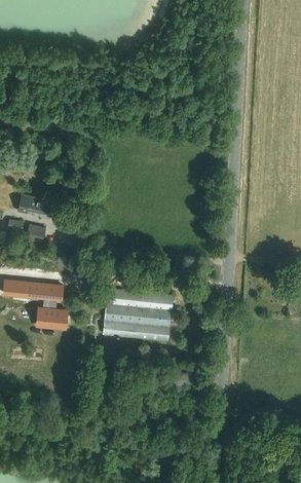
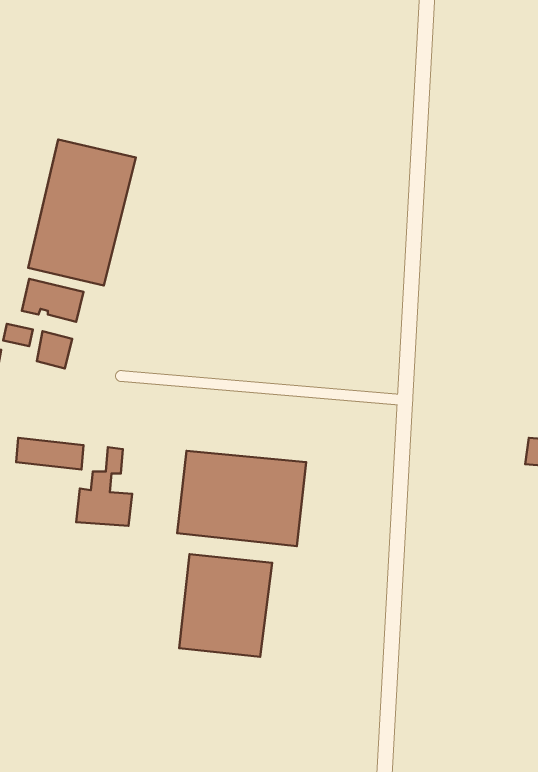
building: none -> [28,139,136,285]
building: none -> [179,554,272,657]

